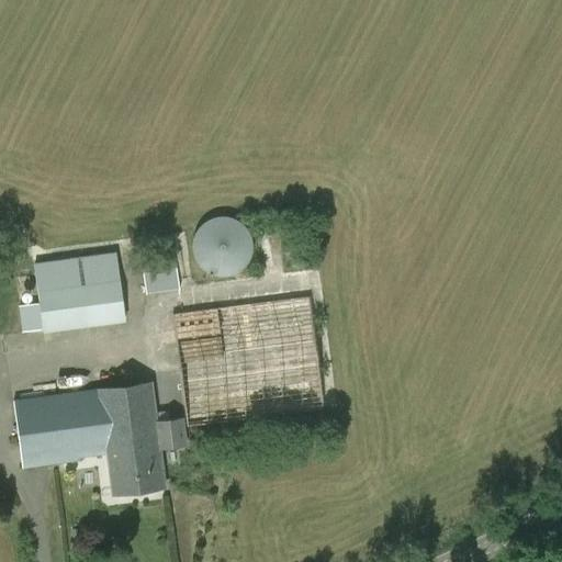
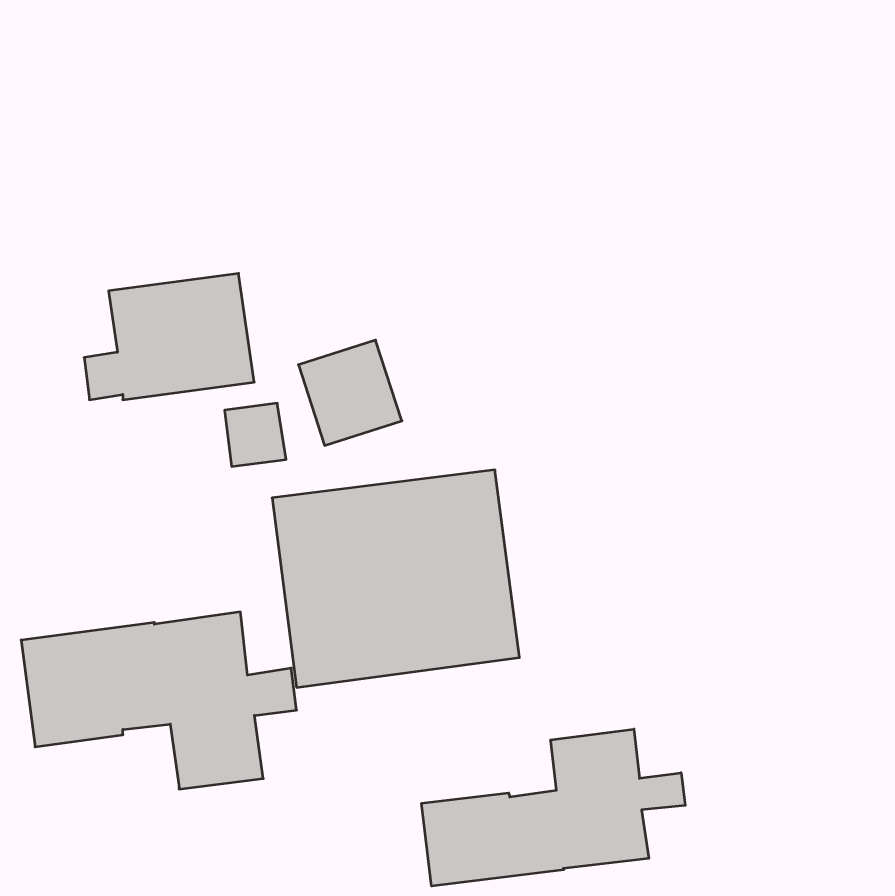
building: [20,254,126,333] -> [84,273,254,400]
building: none -> [422,729,685,886]

